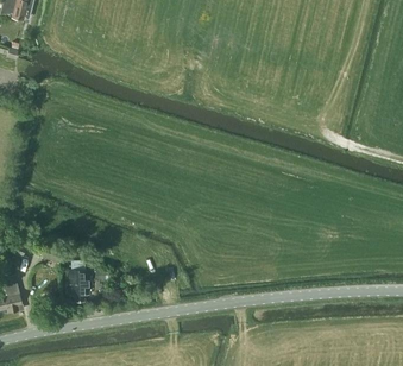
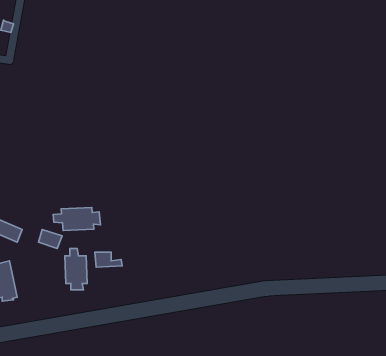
building: none -> [53,207,100,231]

